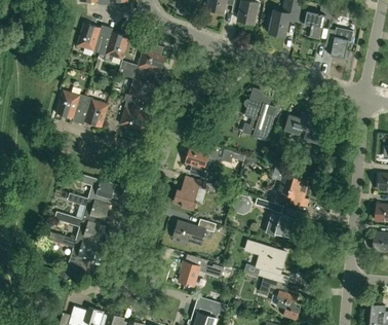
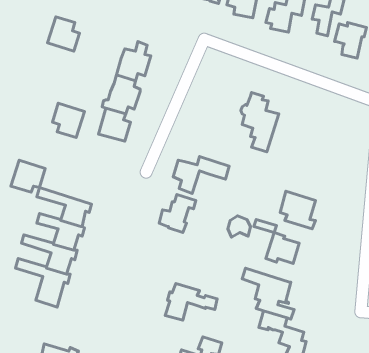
building: [99,31,128,59] -> none
building: [55,89,85,117] -> [11,160,45,192]
building: [283,112,321,144] -> none
building: [172,218,216,244] -> none

